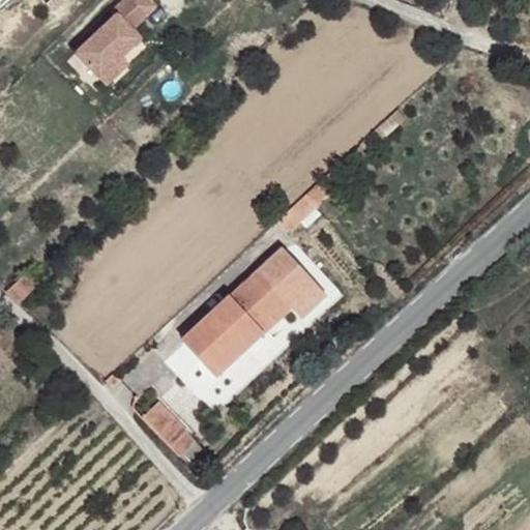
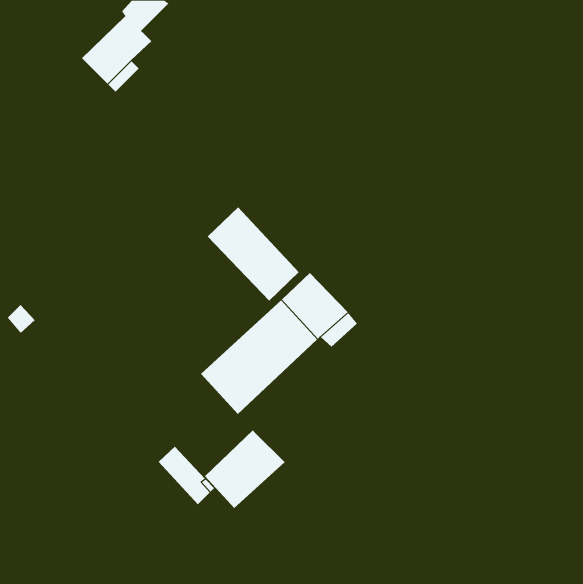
building: none -> [207,206,300,301]
building: none -> [204,429,286,509]

